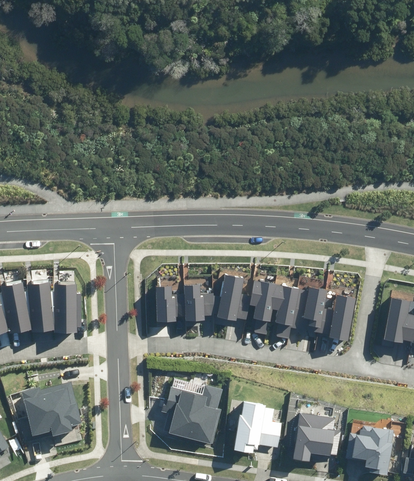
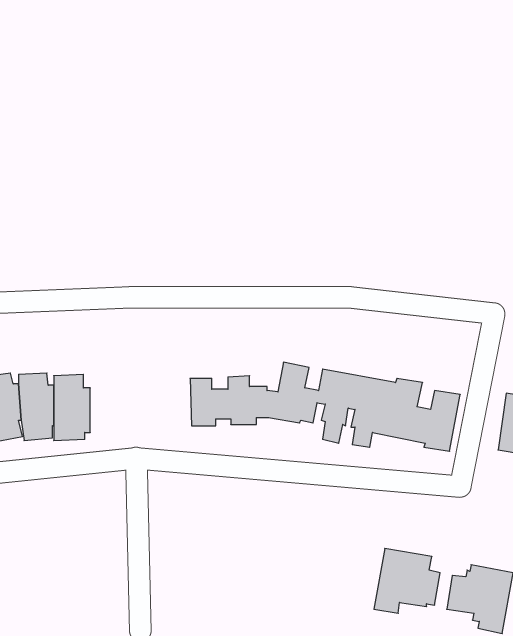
building: [19,381,80,440] -> none
building: [160,384,222,443] -> none
building: [233,401,281,452] -> none

